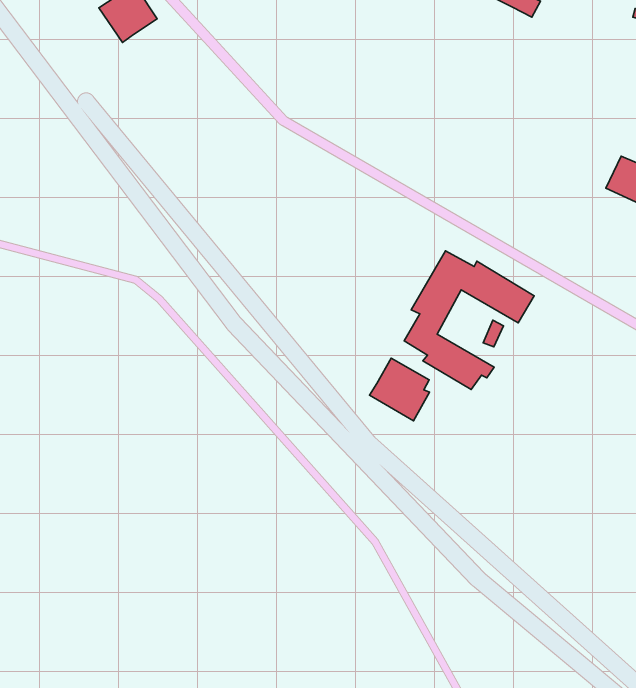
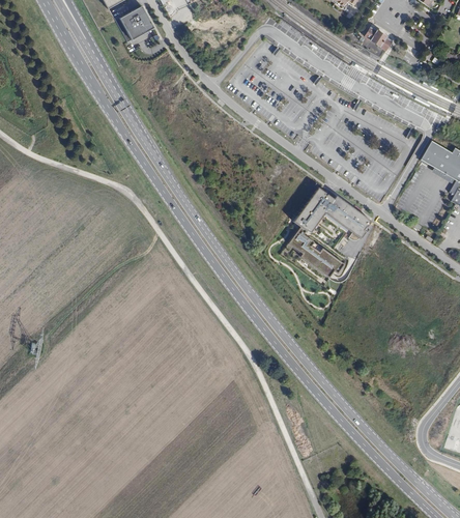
building: [369,358,430,421] -> none

